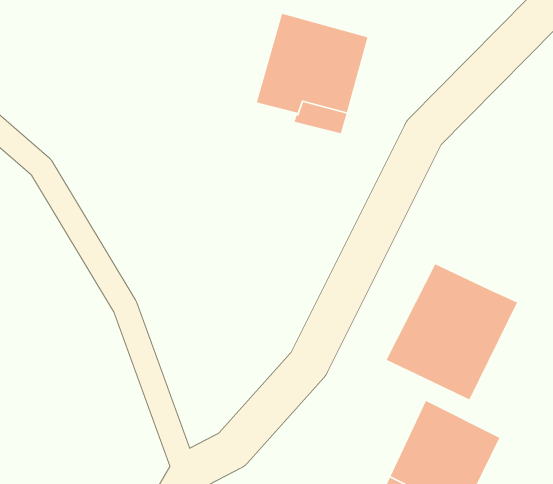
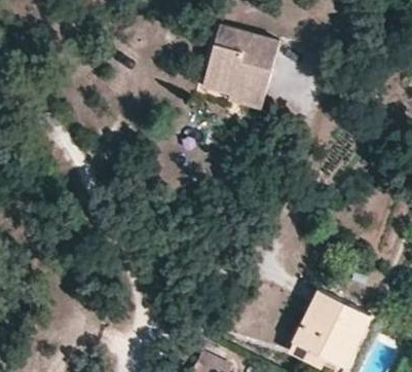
building: [386,263,518,400] -> none

